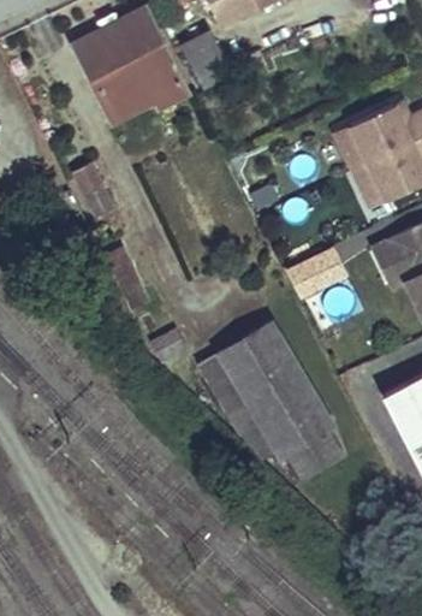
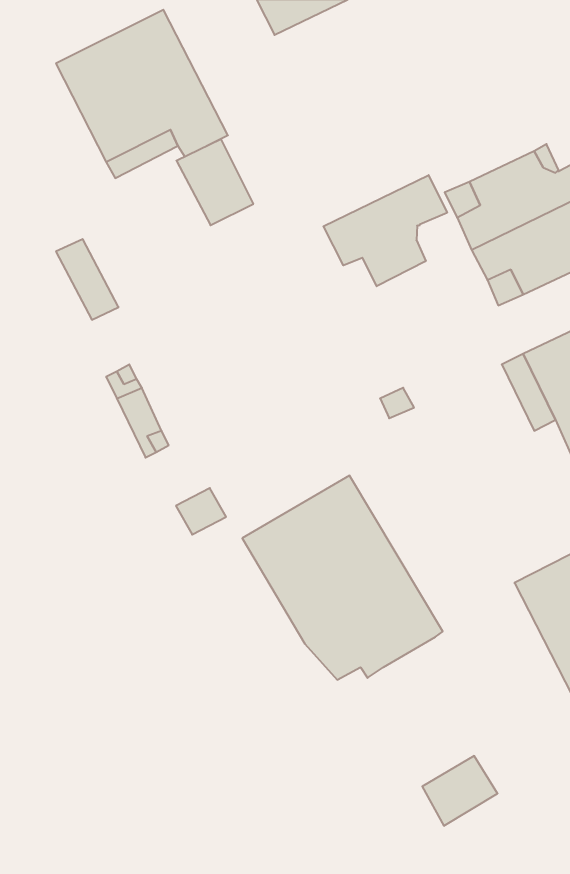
building: [180,31,232,89] -> [176,139,253,225]
building: none -> [323,175,447,286]
building: [292,431,343,478] -> [422,756,498,826]

